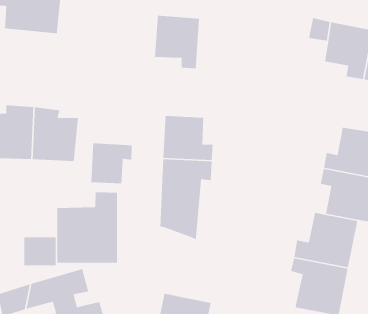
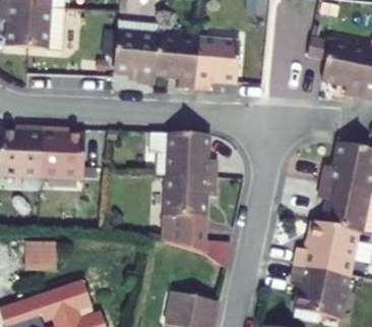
building: none -> [117,32,162,83]
building: none -> [199,38,241,88]
building: [91,143,133,184] -> none
building: [56,192,118,264] -> none

